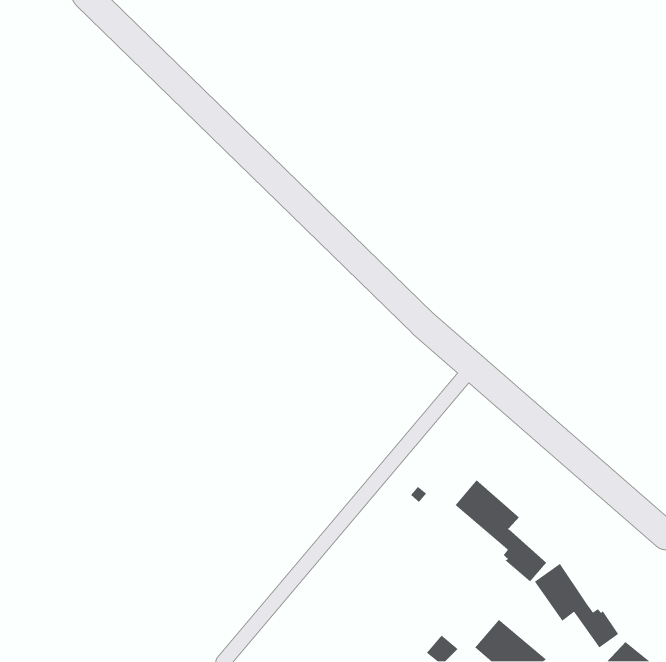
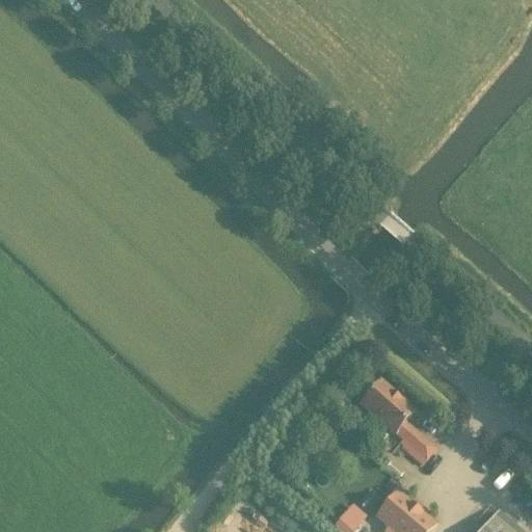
building: [534,563,619,648] -> none

